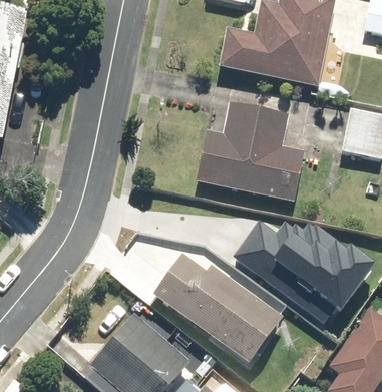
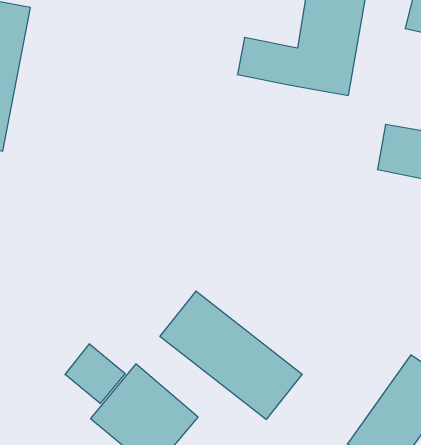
building: [194,102,303,202] -> none
building: [239,211,359,311] -> none
building: none -> [65,344,125,404]

